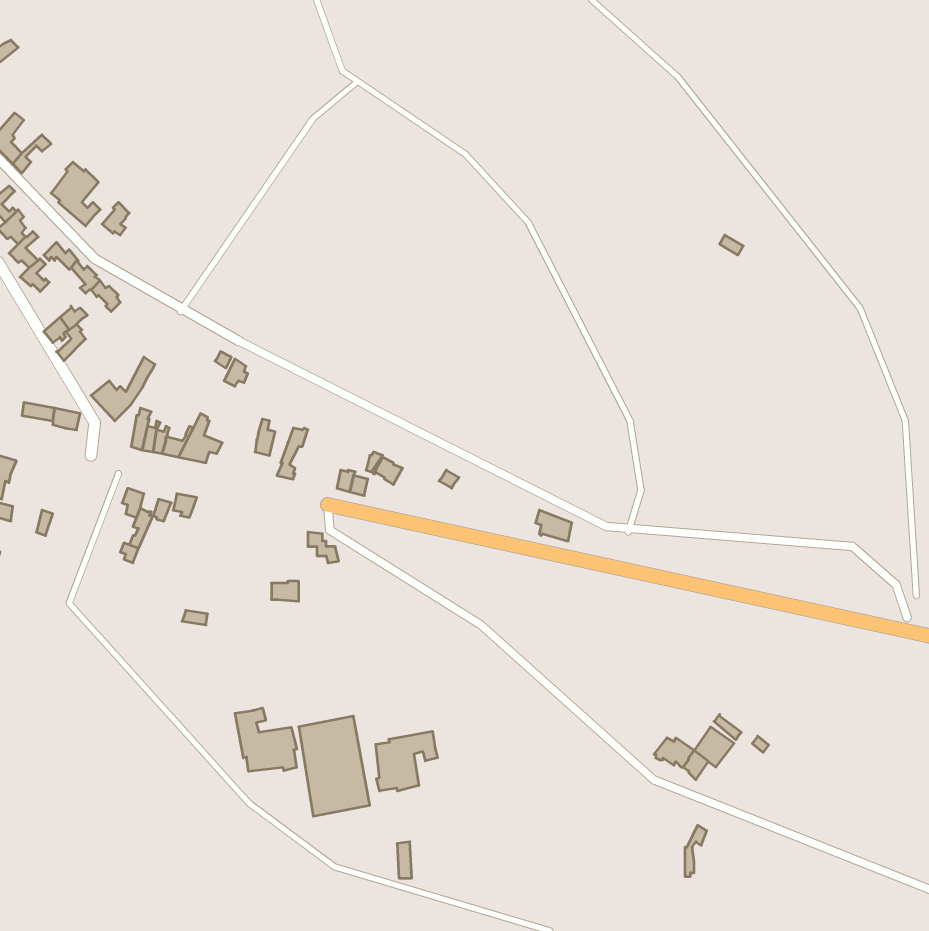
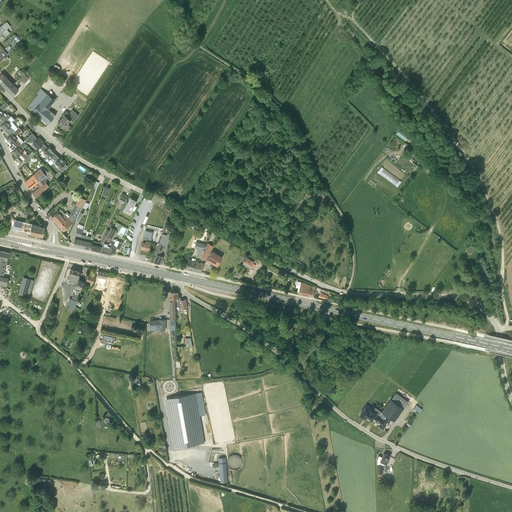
building: [235,708,297,771] -> none
building: [376,731,438,791] -> none

